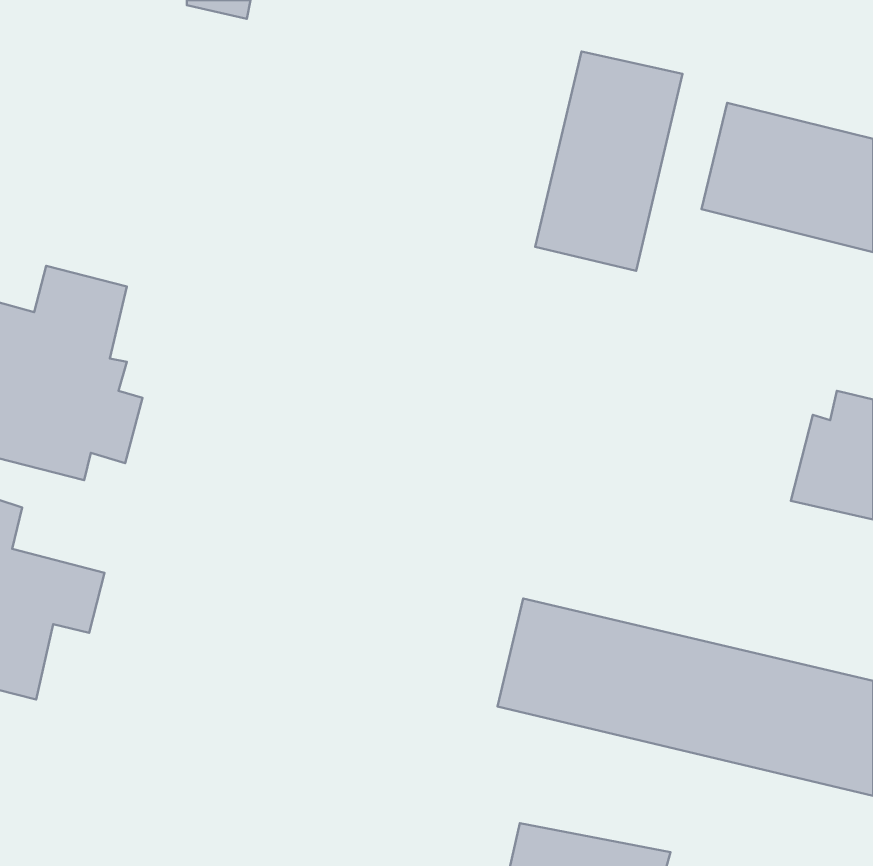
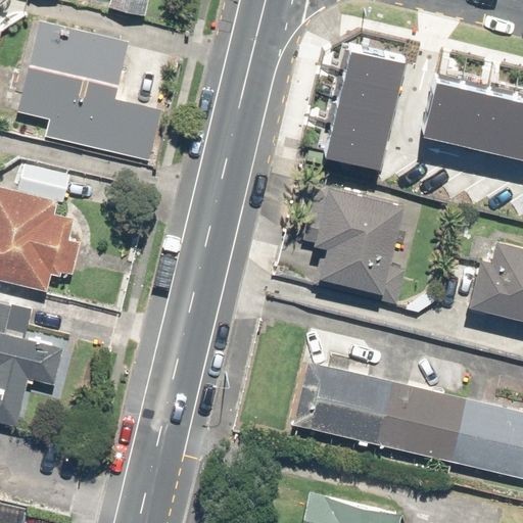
building: none -> [20,21,163,165]
building: none -> [303,180,412,304]

